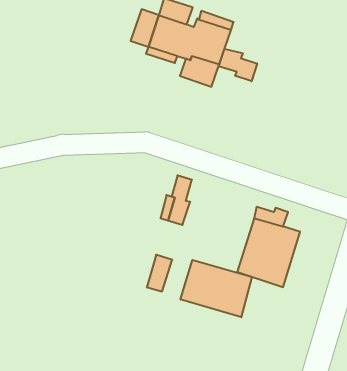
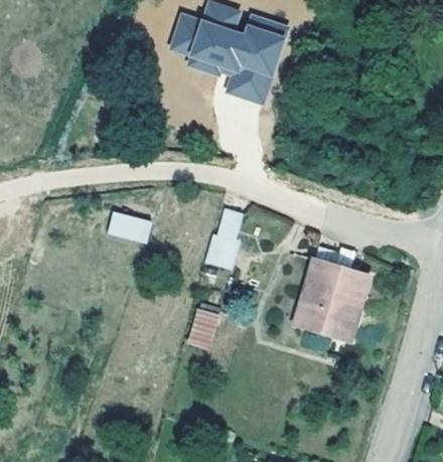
building: [219,49,257,81] -> none
building: none -> [107,211,150,242]
building: [181,260,252,317] -> none

